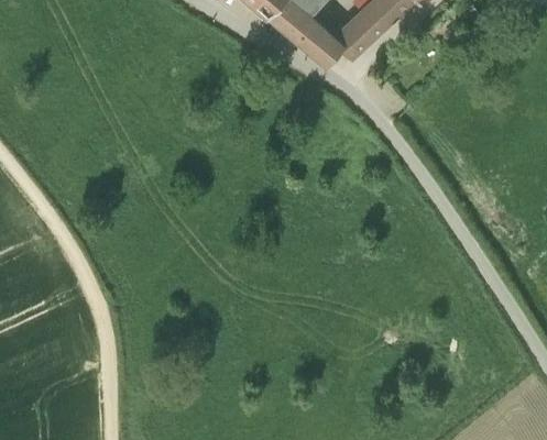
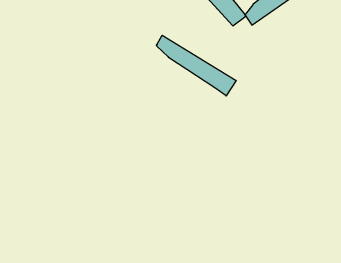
building: none -> [157,35,236,96]

